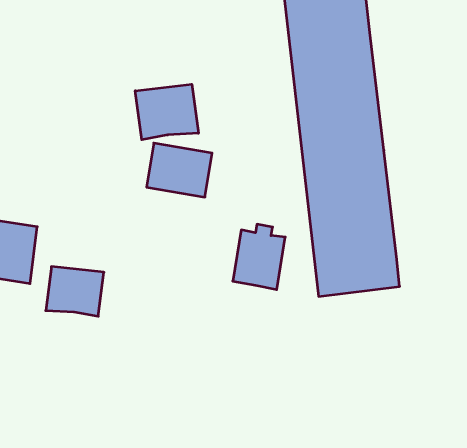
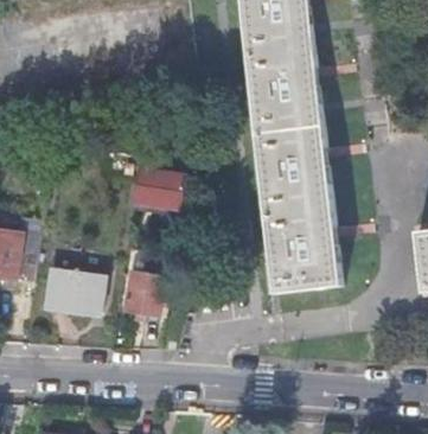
building: [135,84,198,140] -> none
building: [233,224,285,290] -> [121,261,165,315]

